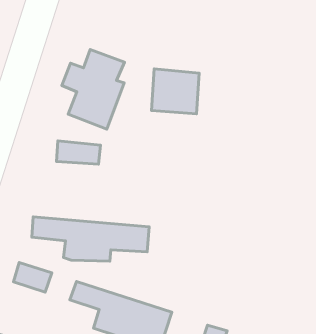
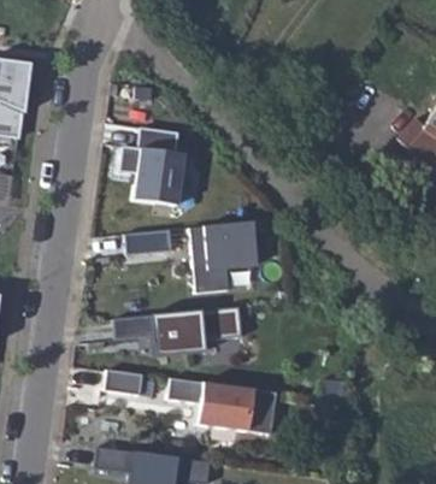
building: [151,69,199,114] -> [200,222,253,270]

